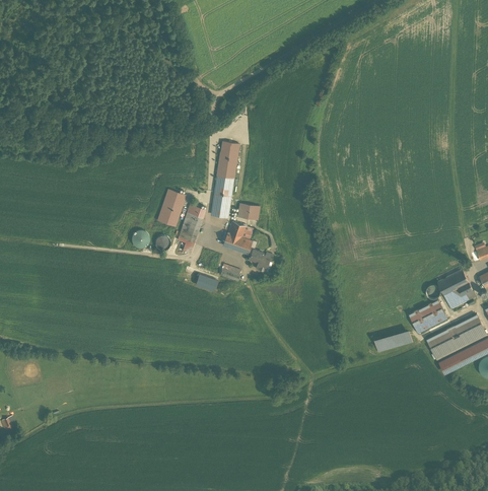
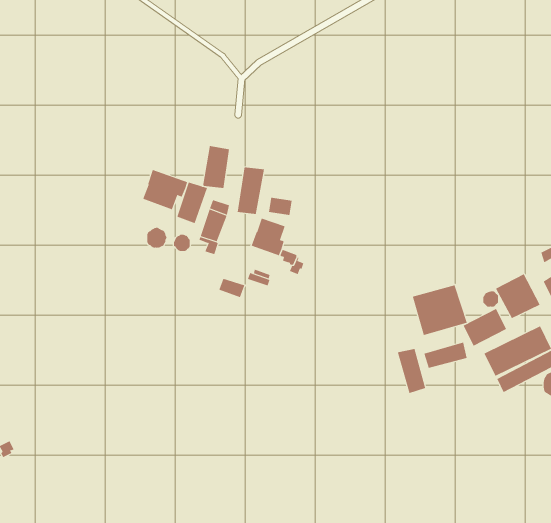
building: [215,140,239,178] -> [202,146,230,188]
building: none -> [142,169,188,210]
building: none -> [412,284,467,336]
building: none -> [397,348,426,394]

